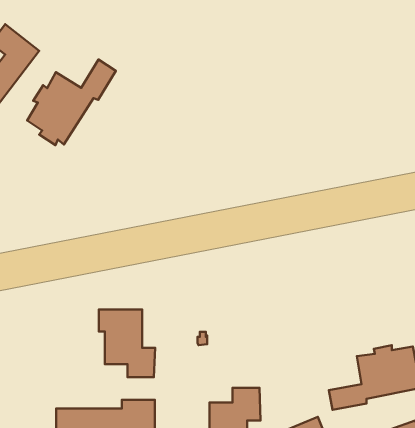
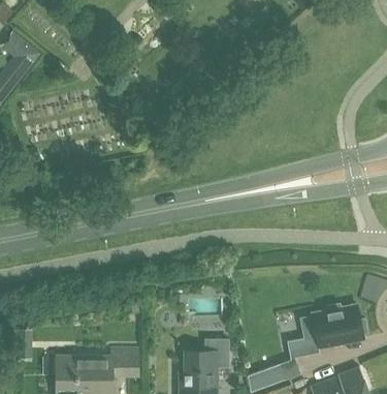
building: [27,60,116,145] -> none
building: [99,310,155,377] -> none

